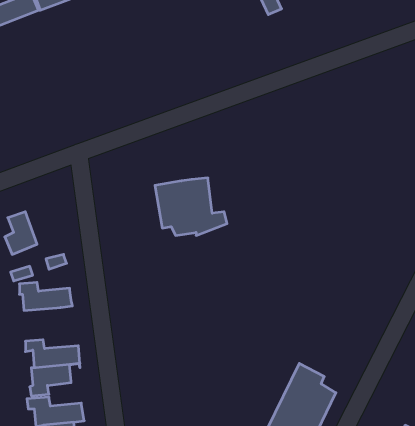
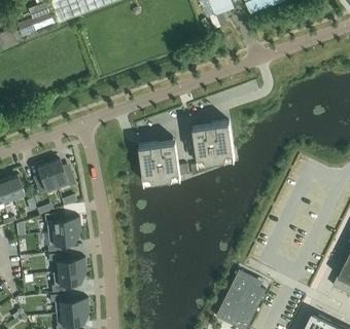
building: none -> [191,122,234,176]
building: none -> [48,160,76,187]
building: none -> [47,231,75,253]

